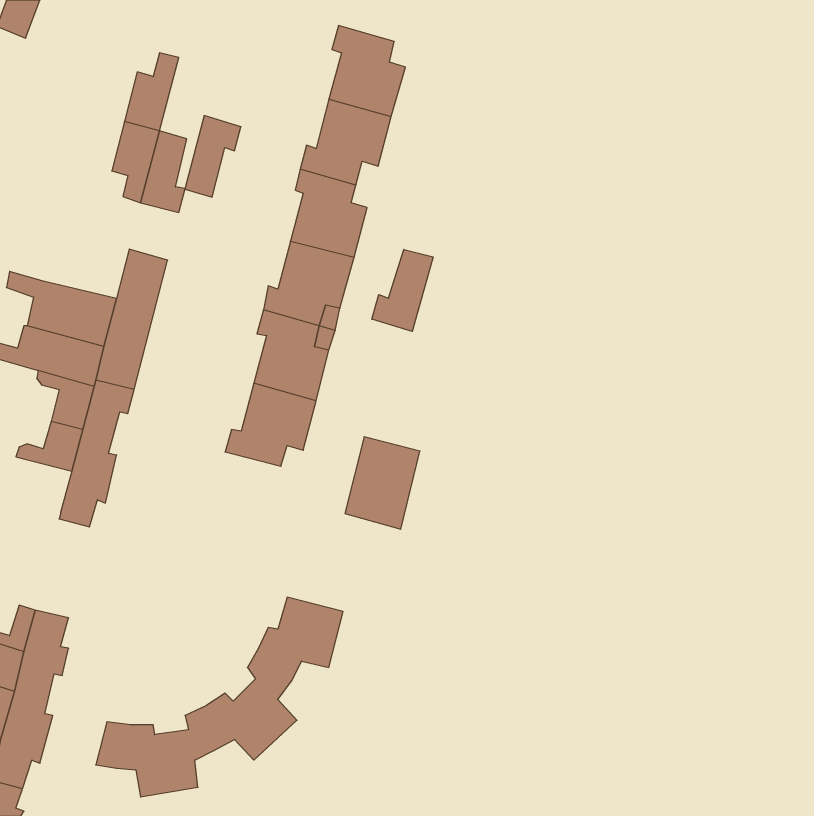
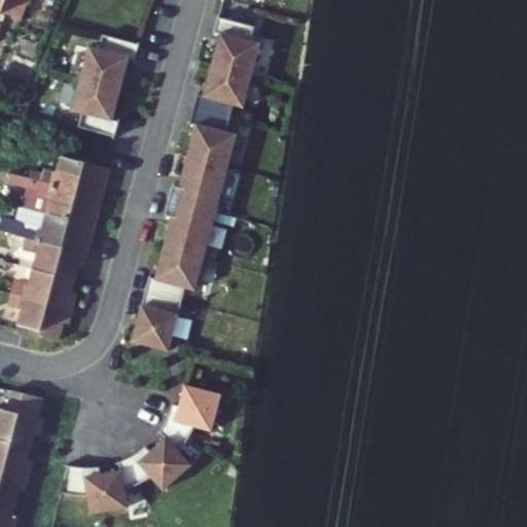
building: [185,116,241,197] -> [103,37,139,90]
building: none -> [28,155,83,192]
building: [372,249,433,331] -> none
building: [345,437,420,529] -> [133,291,181,351]
building: none -> [8,294,46,330]

